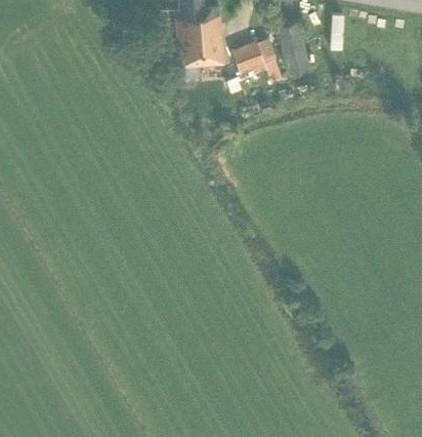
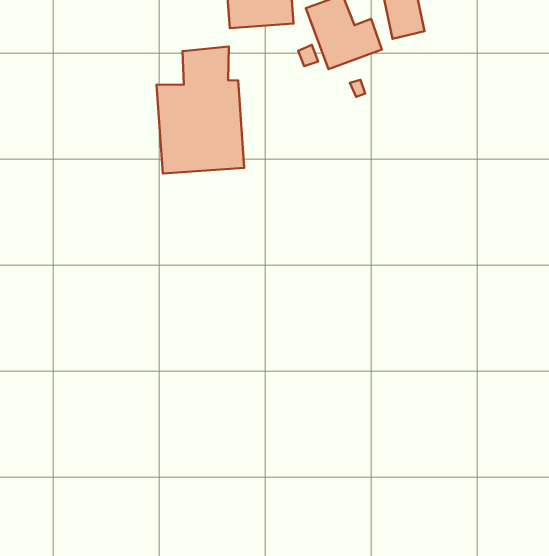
building: none -> [157,47,244,174]

